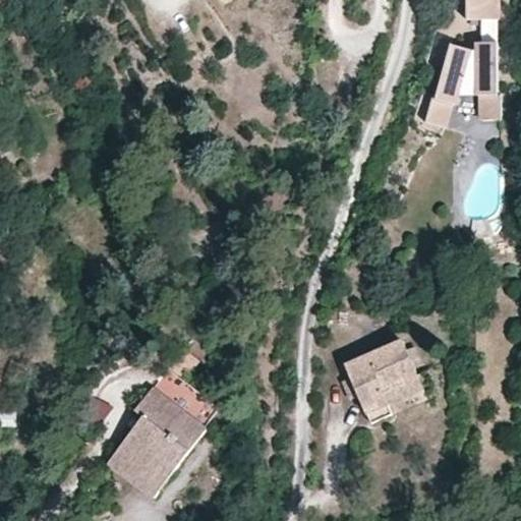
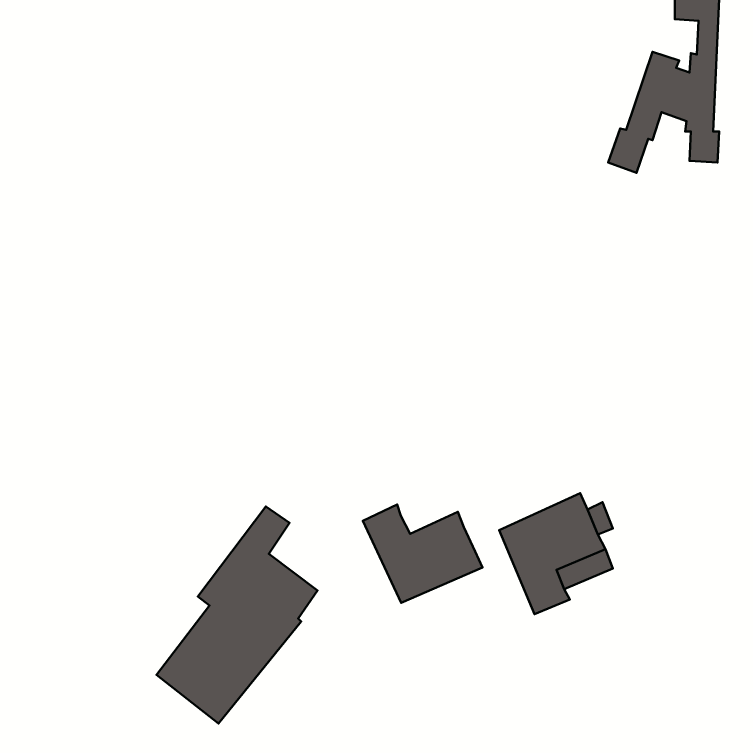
building: none -> [363,505,482,603]

